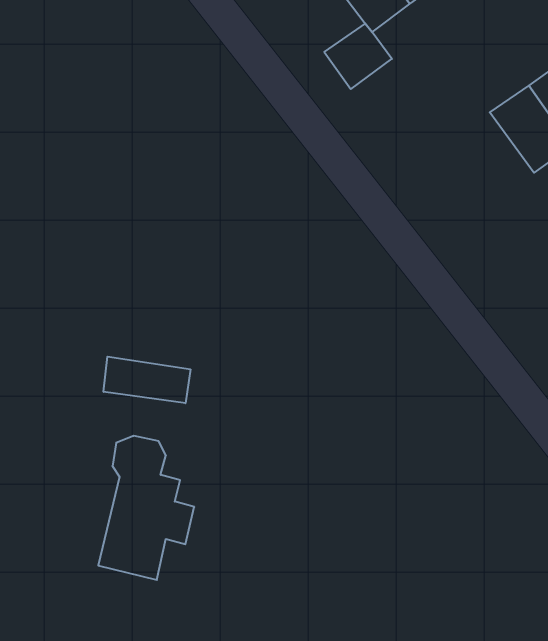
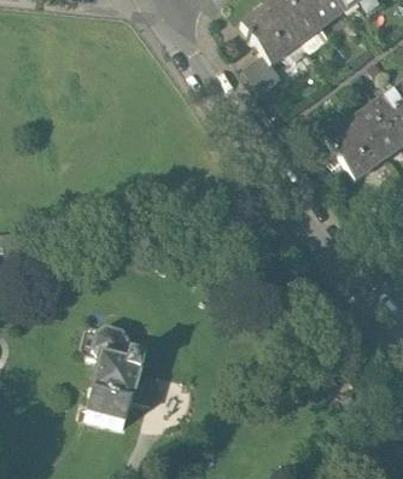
building: none -> [328,113,384,174]
building: [104,357,190,403] -> none

